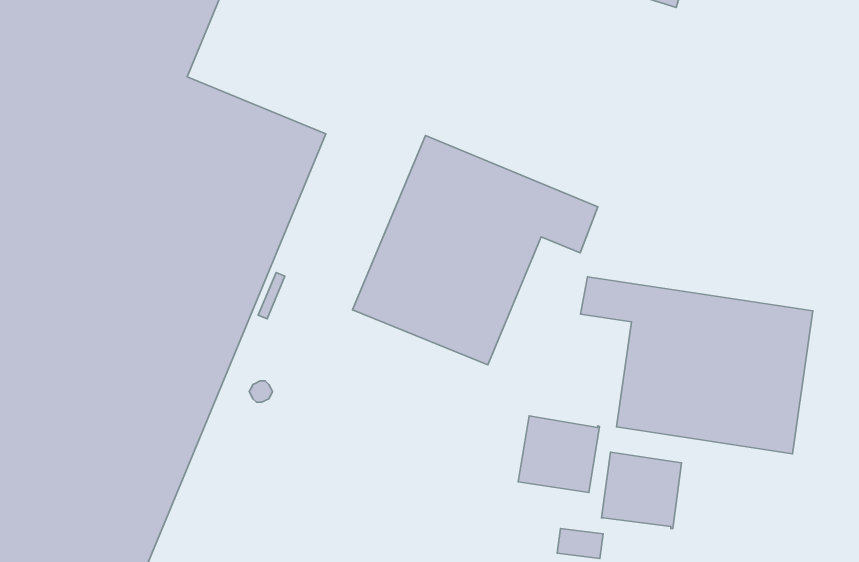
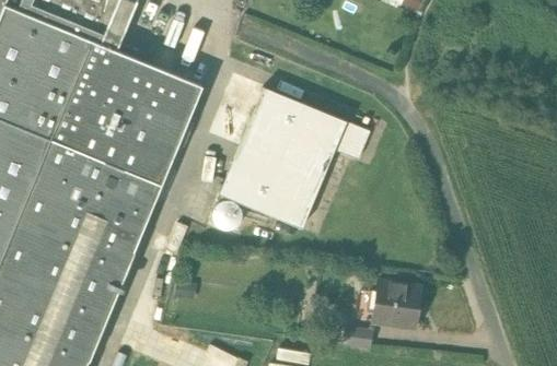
building: [581,277,813,454] -> none
building: [518,416,600,492] -> none

